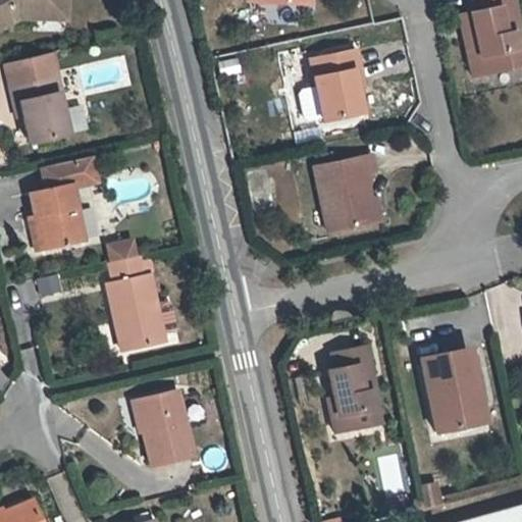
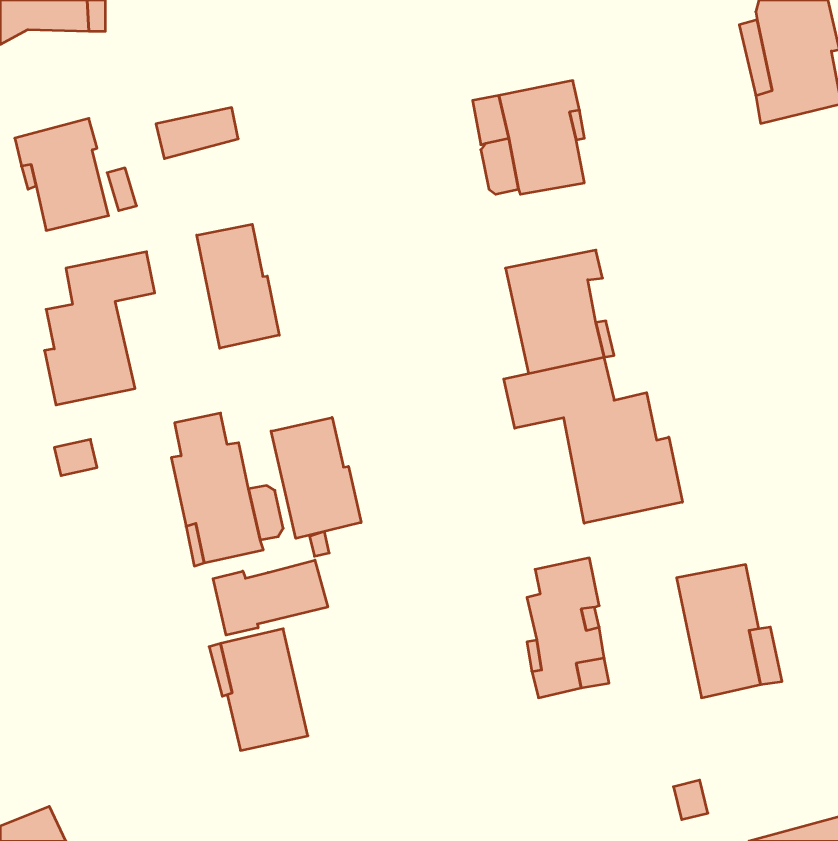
building: [6,54,57,86] -> [156,108,238,159]
building: none -> [197,224,279,348]
building: none -> [504,357,682,523]
building: none -> [271,417,361,538]
building: none -> [213,560,328,635]

